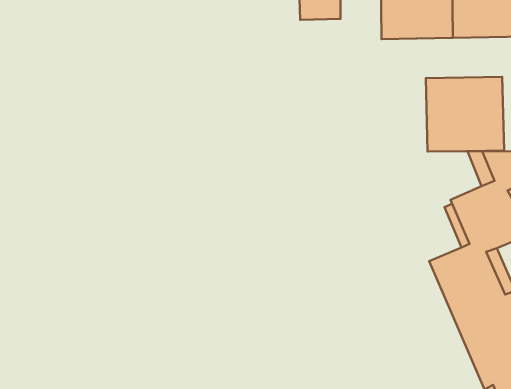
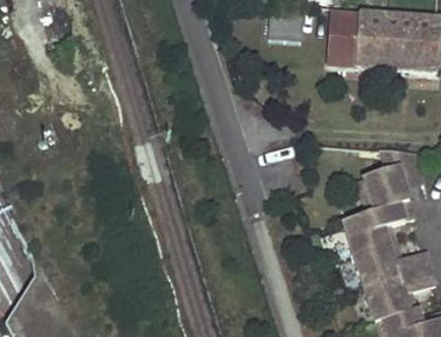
building: [426,77,504,152] -> none

